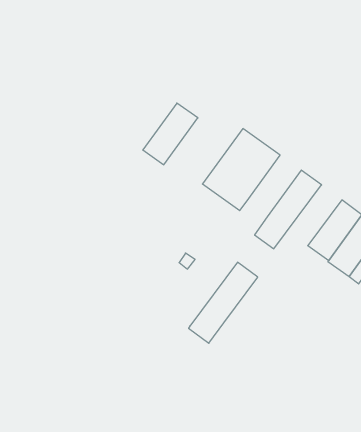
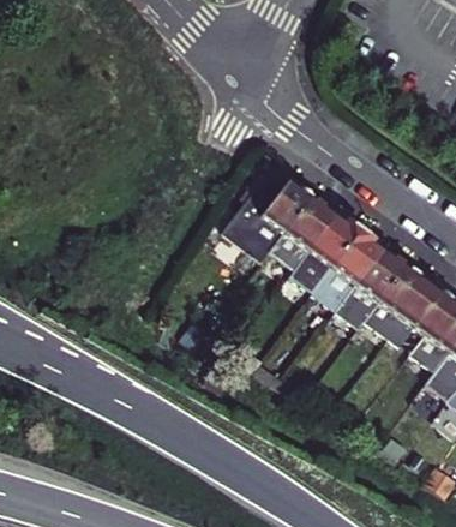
building: [143,103,198,165] -> [278,200,341,270]
building: [189,262,258,343] -> [308,234,386,325]

